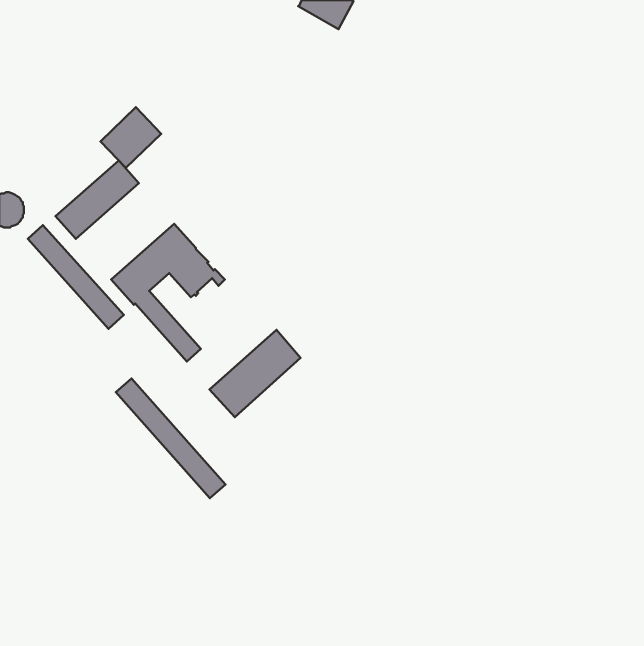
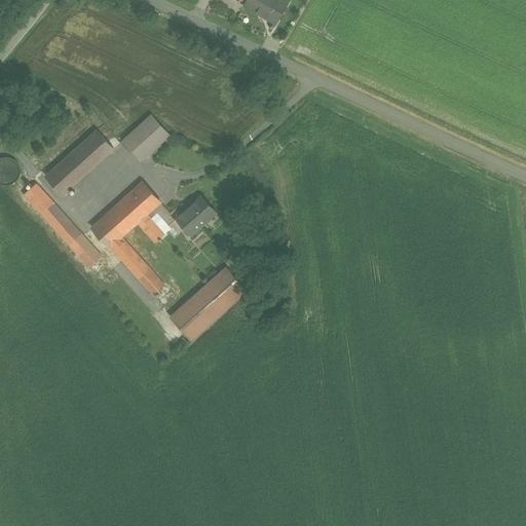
building: [101,107,161,168] -> [118,113,167,162]
building: none -> [175,196,215,235]
building: [116,378,225,498] -> none

